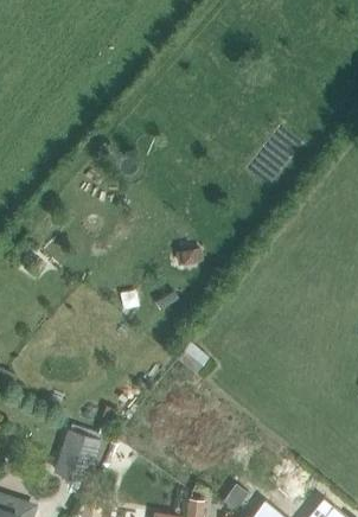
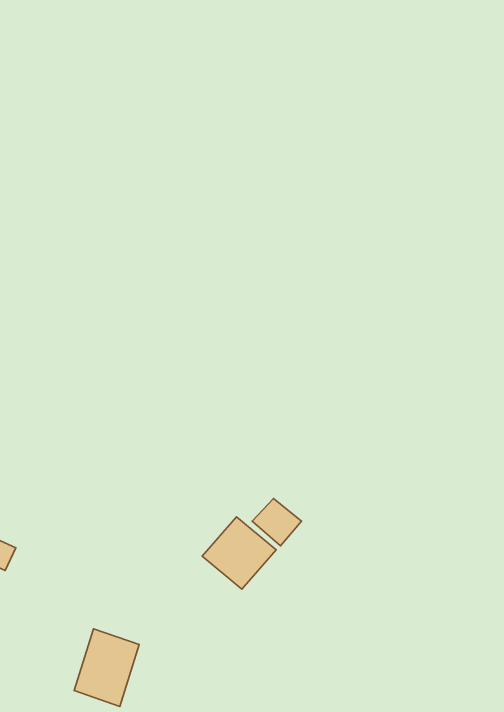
building: none -> [202,517,276,589]

